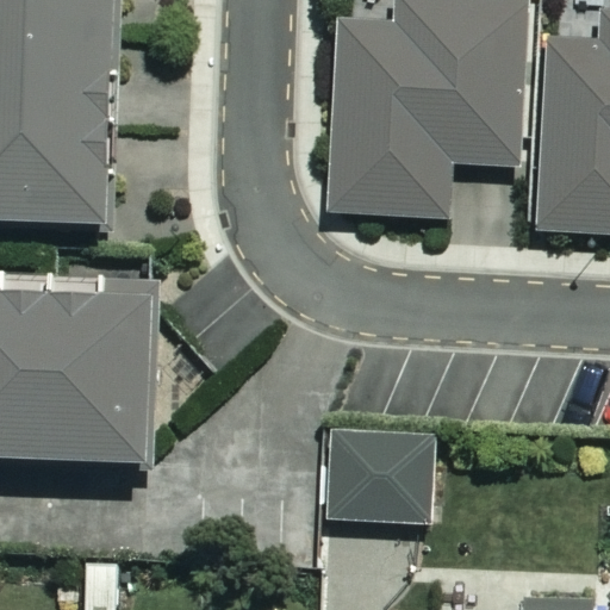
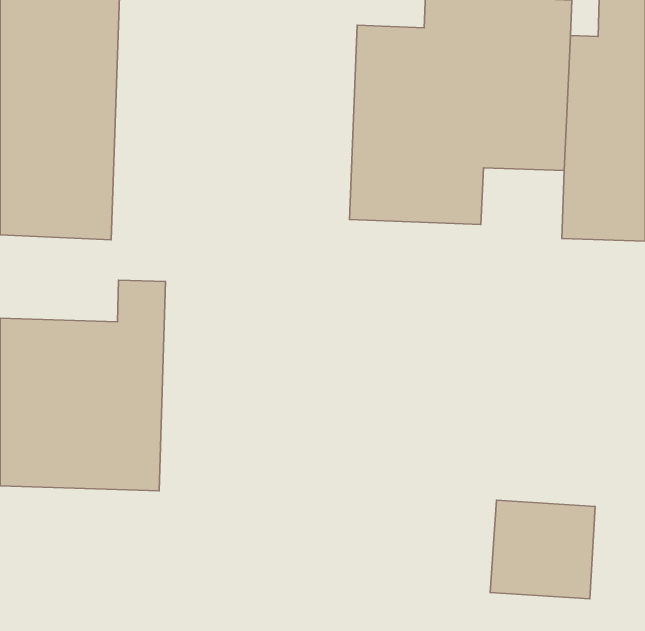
building: [331,428,430,521] -> [490,500,595,599]

